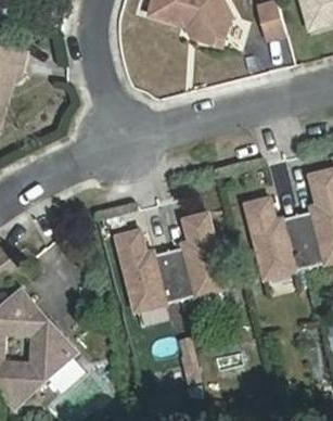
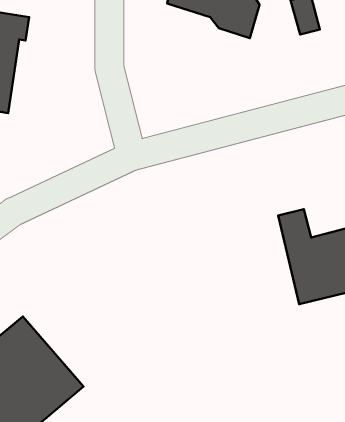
building: [117,212,226,310] -> none

